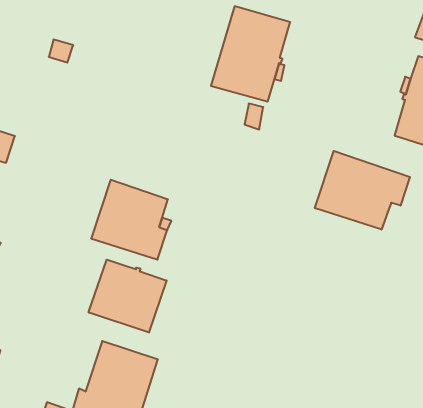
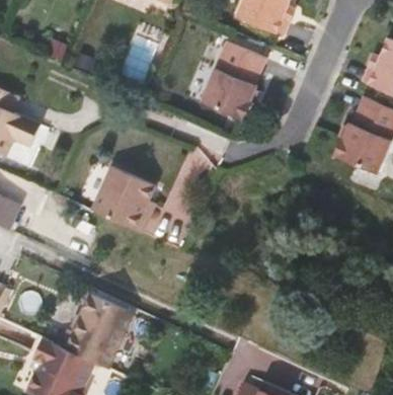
building: [315,151,410,230] -> none
building: [89,260,167,333] -> none

